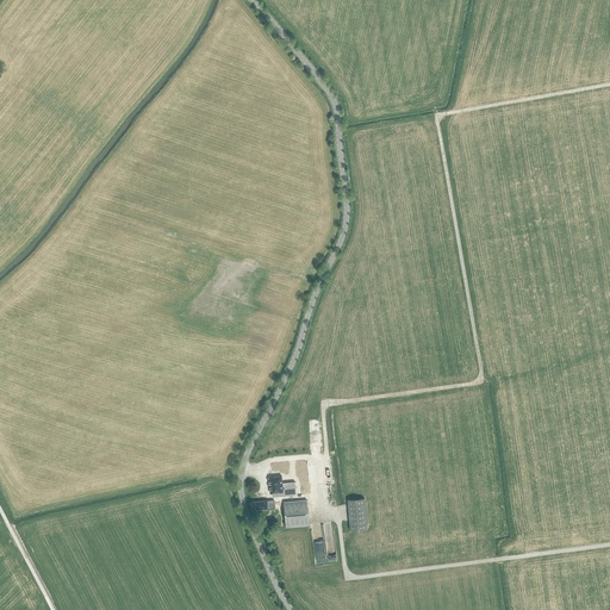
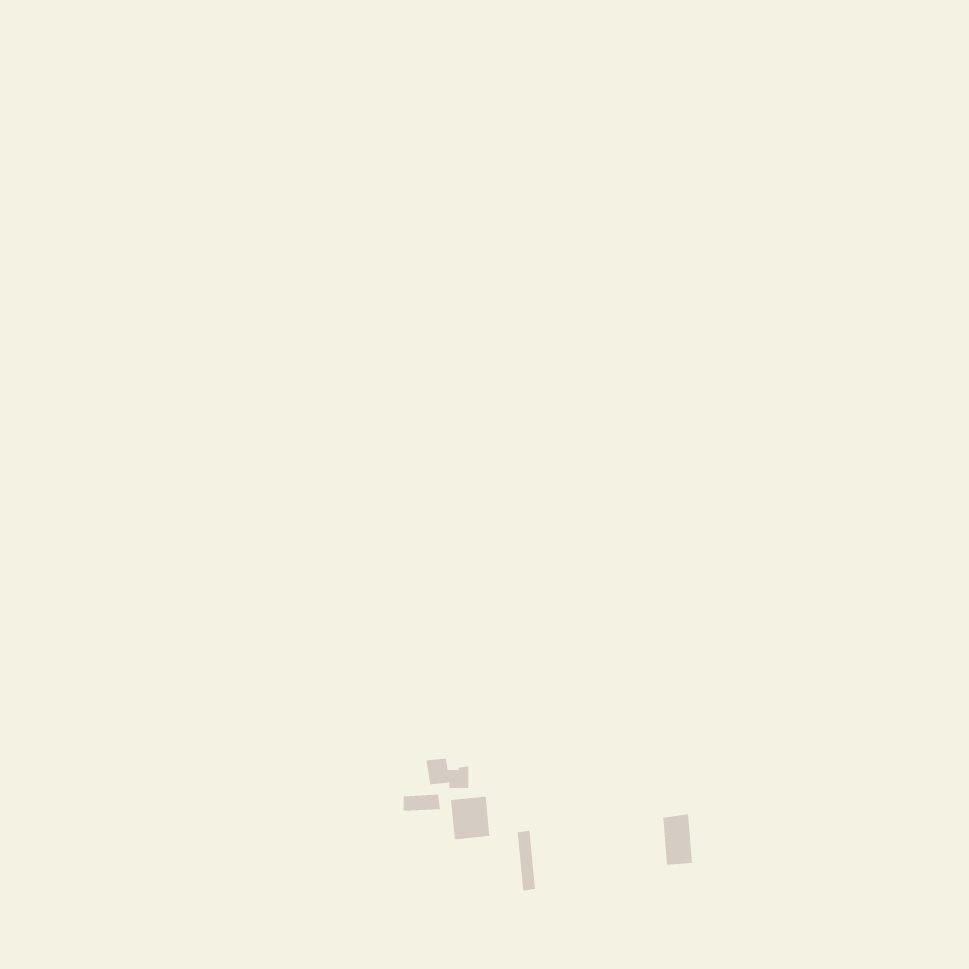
building: [347,497,366,529] -> [662,814,693,865]

